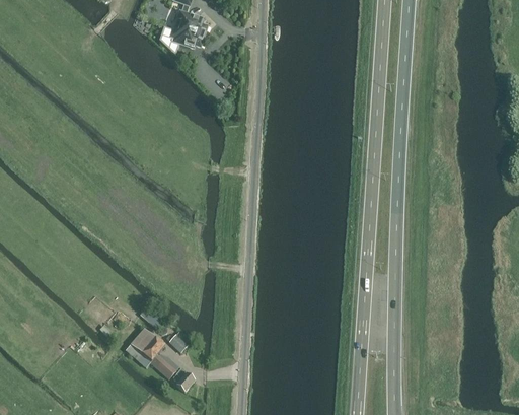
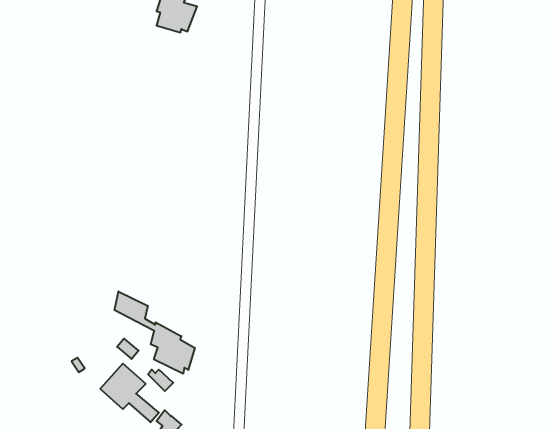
building: none -> [115,291,195,374]

